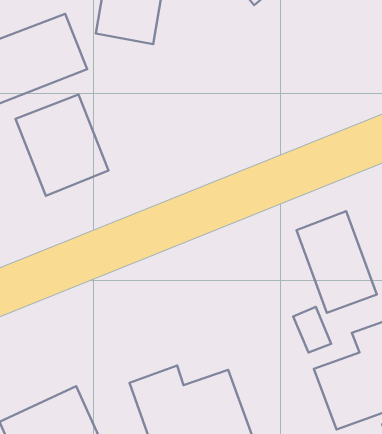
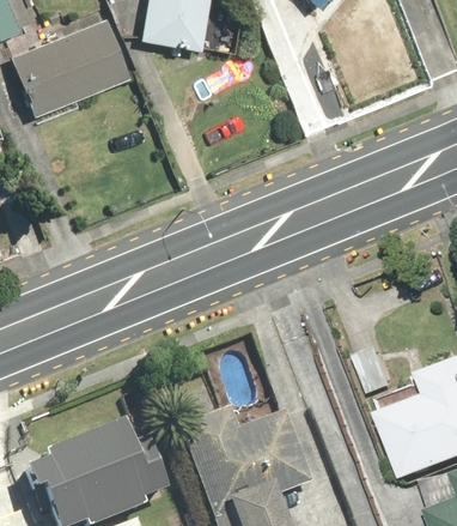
building: [16,94,108,196] -> none
building: [297,211,377,313] -> none

